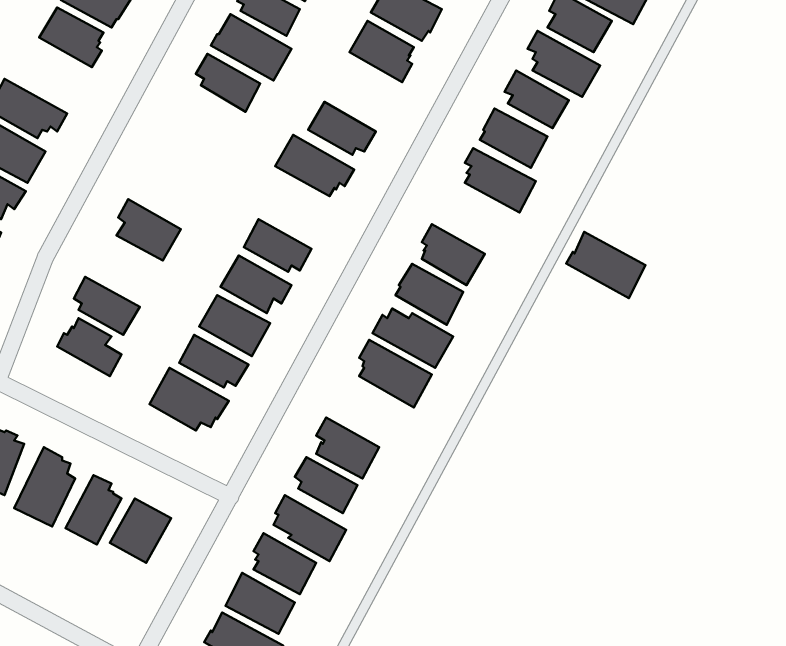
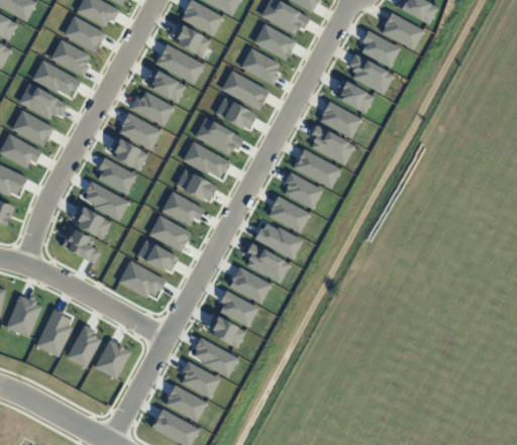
building: none -> [31,60,80,96]
building: none -> [220,70,269,110]
building: none -> [130,91,174,126]
building: none -> [118,112,161,149]
building: none -> [108,135,147,171]
building: none -> [181,140,230,178]
building: [566,232,645,298] -> [292,148,340,189]
building: none -> [84,181,128,221]
building: none -> [228,266,271,304]

